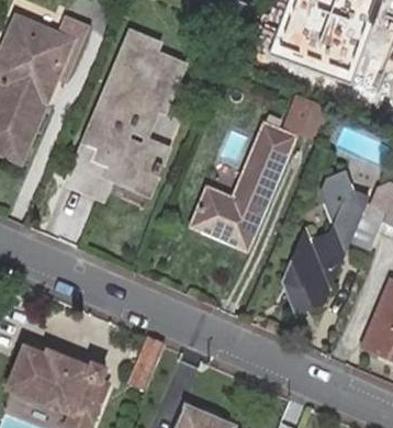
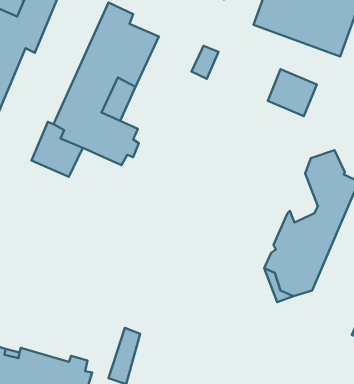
building: [190,123,295,250] -> none

